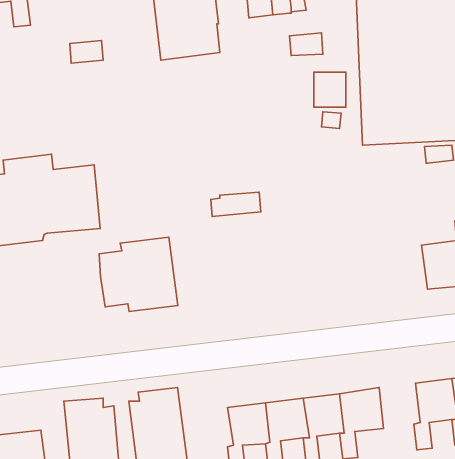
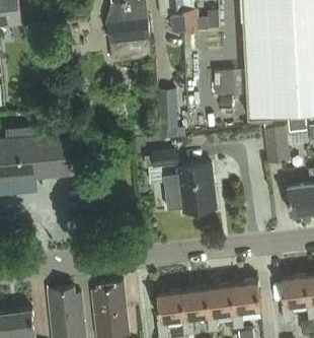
building: none -> [158,88,176,128]
building: none -> [264,126,289,158]
building: [99,237,178,311] -> [163,163,216,213]

